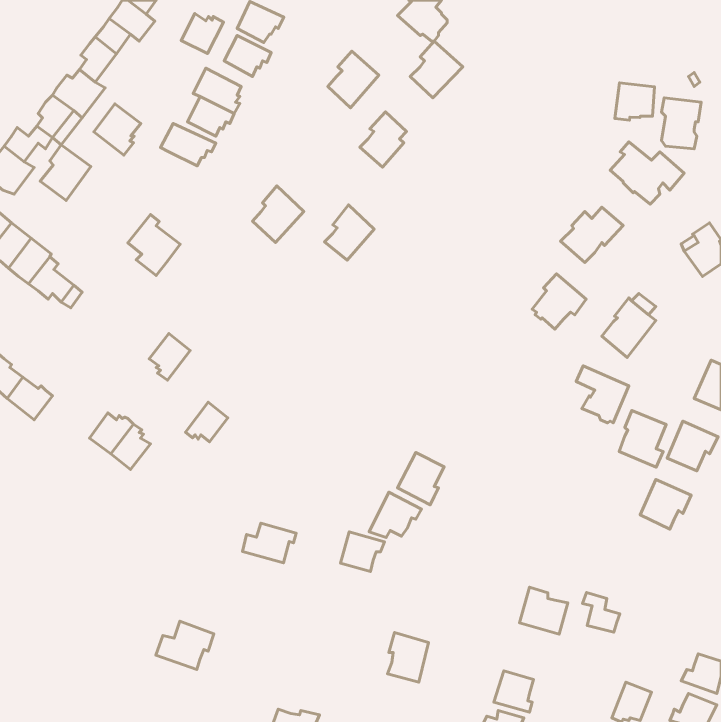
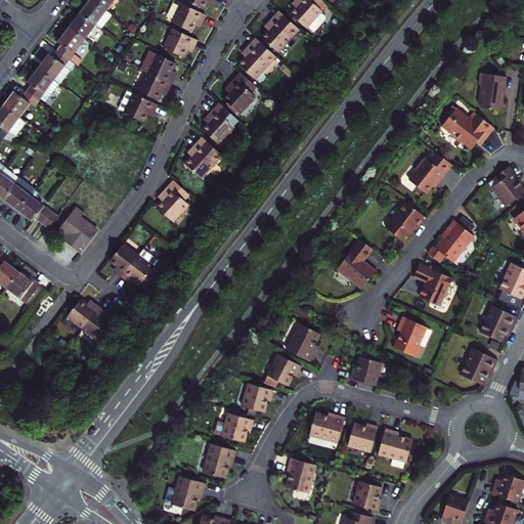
building: [181,13,224,54] -> none
building: [410,41,463,98] -> [260,12,298,53]
building: [615,83,654,120] -> none
building: [94,104,141,155] -> none
building: [360,112,407,167] -> [219,72,253,112]
building: [40,145,91,200] -> none
building: [324,205,374,260] -> [198,101,233,141]
building: [128,214,180,275] -> [59,211,97,255]
building: none -> [154,180,186,220]
building: none -> [334,238,373,289]
building: [185,402,228,442] -> [121,255,151,283]
building: [619,410,666,467] -> [392,317,426,358]
building: none -> [343,357,375,387]
building: [242,523,296,563] -> [217,416,256,444]
building: none -> [309,411,344,441]
building: none -> [347,422,378,450]
building: [582,593,620,632] -> none
building: none -> [206,446,239,480]
building: [156,621,214,669] -> [165,476,207,511]

